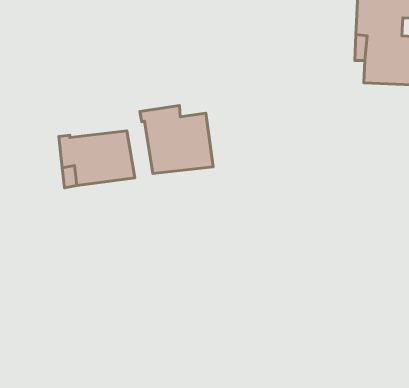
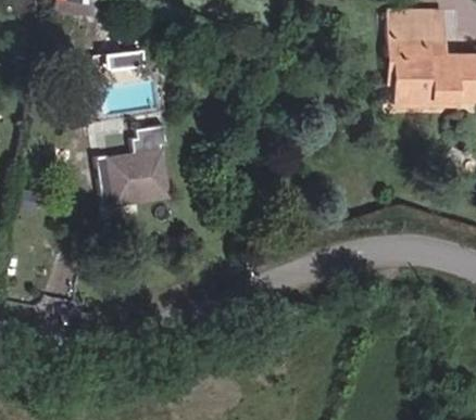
building: [140,105,213,174] -> none

